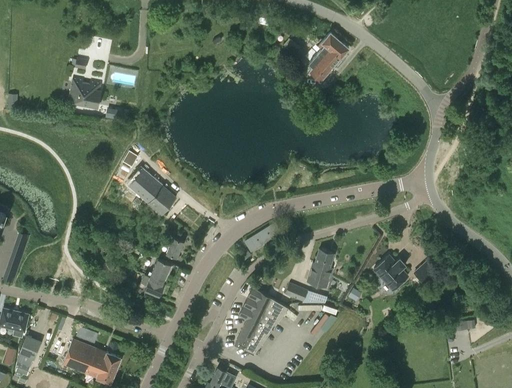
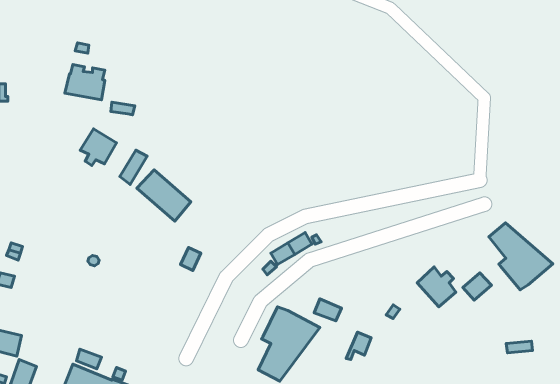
building: [308,33,348,80] -> none
building: none -> [80,129,117,166]
building: none -> [489,223,553,290]
building: [305,250,333,289] -> none
building: [138,259,170,298] -> none

